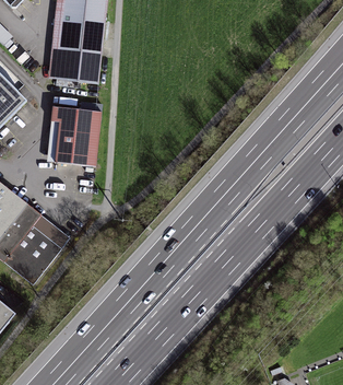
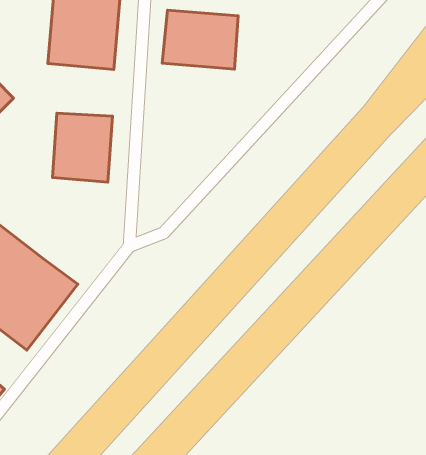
building: none -> [162,10,238,69]

